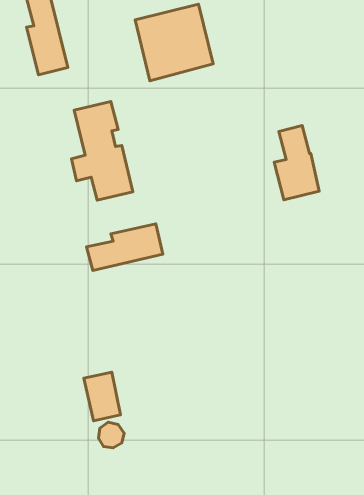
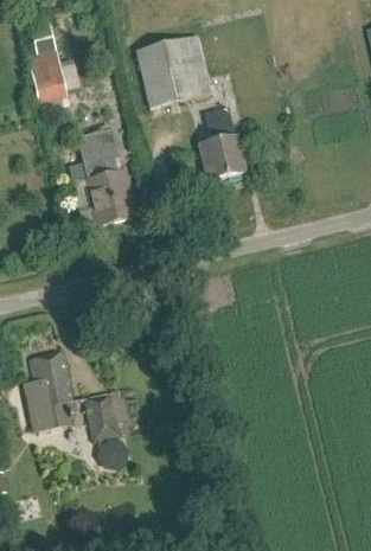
building: [274,125,319,200] -> [199,107,243,179]
building: [86,224,163,271] -> none
building: none -> [24,351,77,429]

